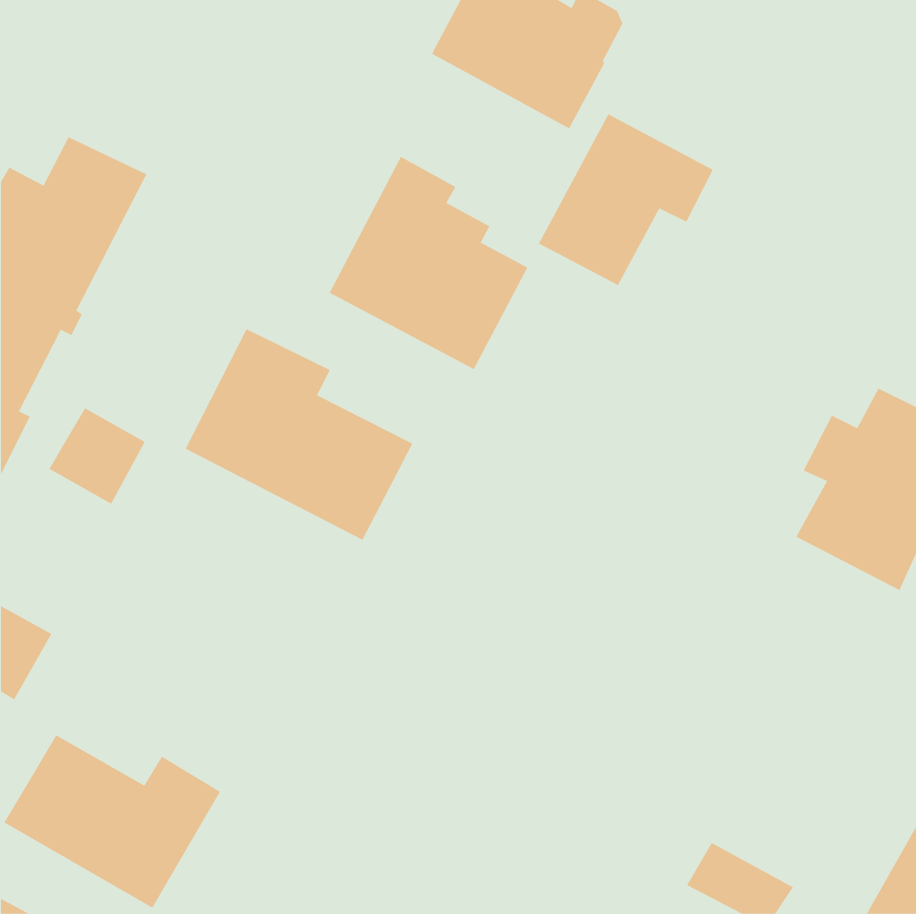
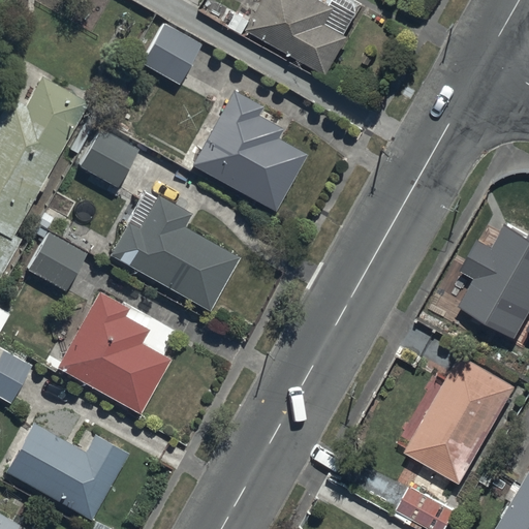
building: none -> [142,25,201,85]
building: [538,114,713,286] -> none
building: none -> [83,133,137,188]
building: none -> [58,293,168,414]
building: none -> [406,354,518,481]

